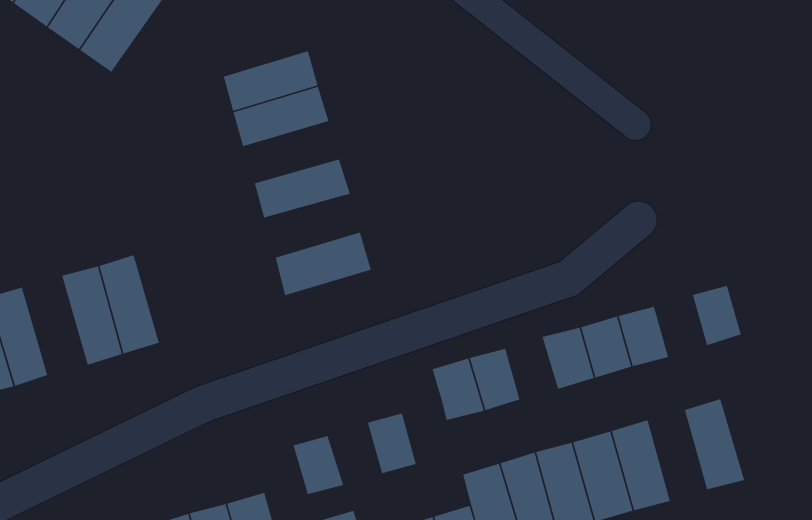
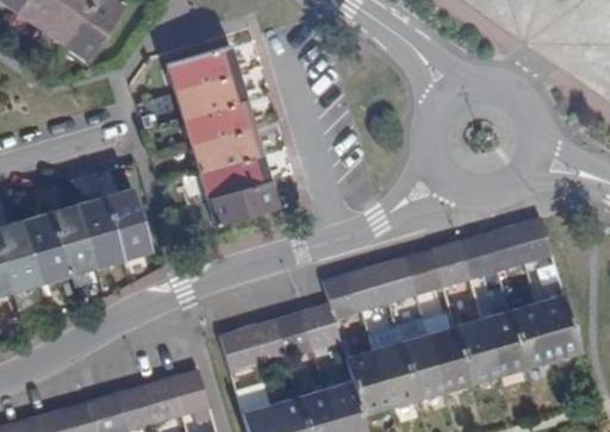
building: none -> [182,98,254,143]
building: none -> [198,151,269,198]
building: none -> [102,187,150,261]
building: none -> [20,211,68,284]
building: none -> [486,225,524,271]
building: none -> [376,256,415,302]
building: none -> [535,294,579,362]
building: none -> [300,303,340,350]
building: none -> [481,309,524,377]
building: none -> [245,319,285,365]

